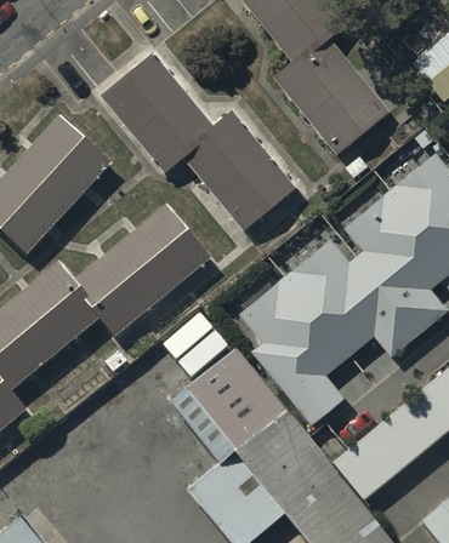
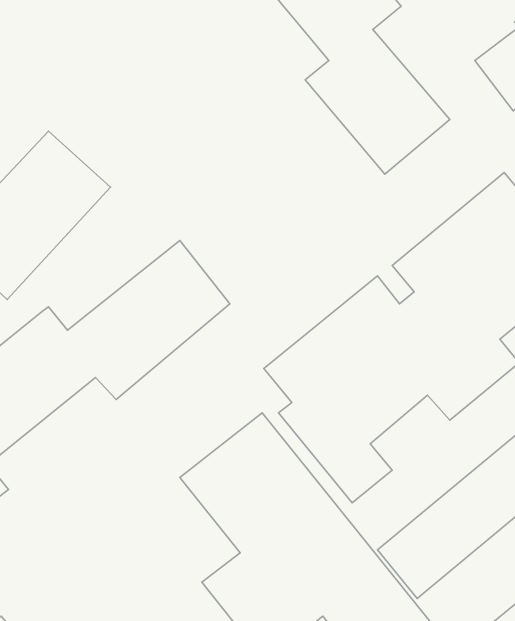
building: [101,52,296,229] -> none

